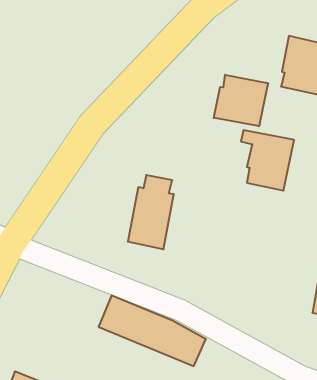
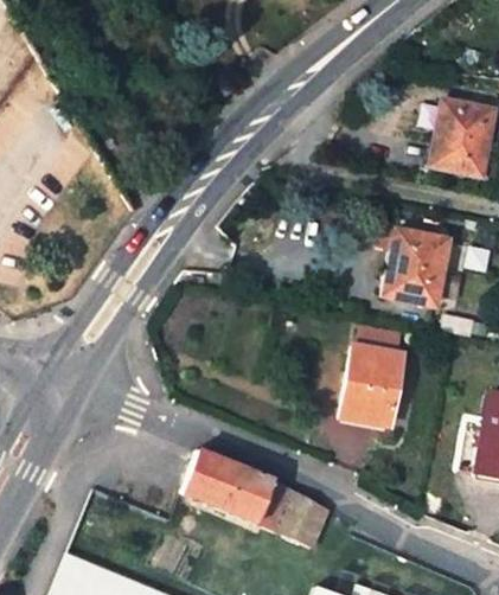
building: [214,75,268,126] -> none
building: [128,175,174,249] -> [339,327,402,428]

